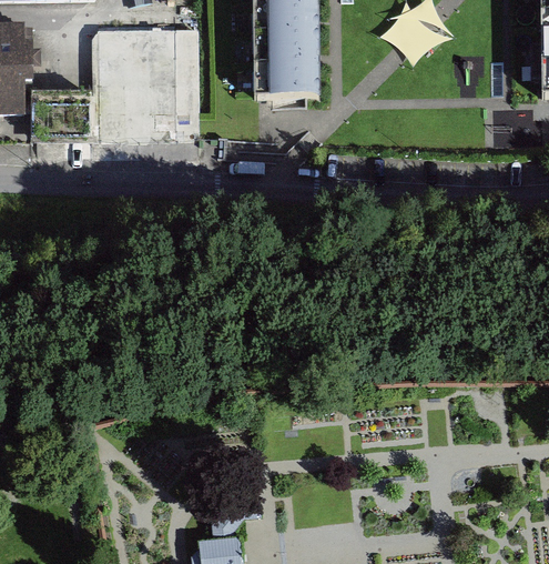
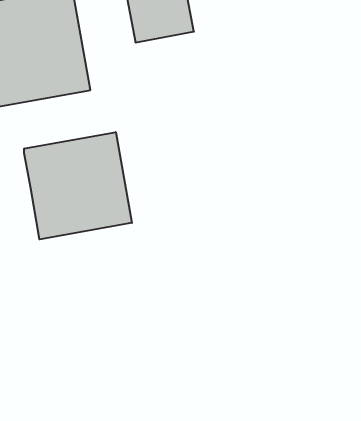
building: none -> [24,132,132,239]

